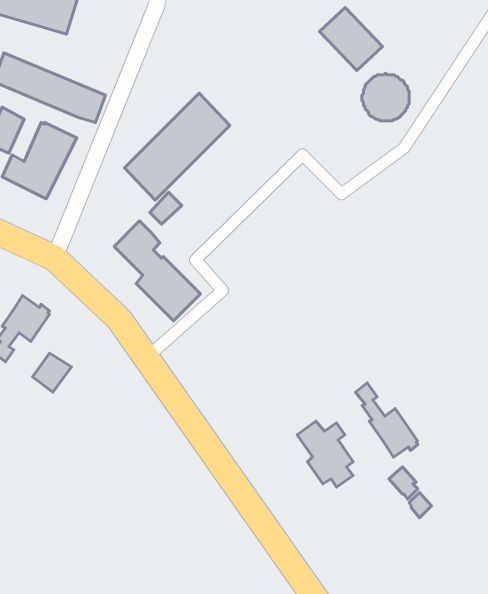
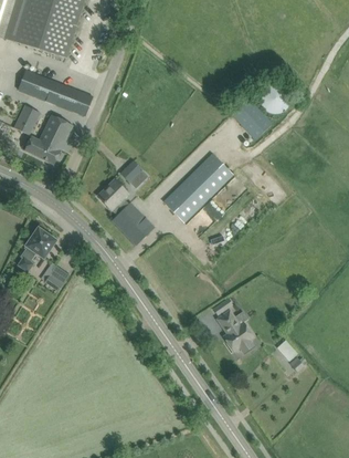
building: [320,8,382,70] -> [230,98,271,139]
building: [125,93,230,200] -> [163,153,232,222]
building: [355,383,418,457] -> none

